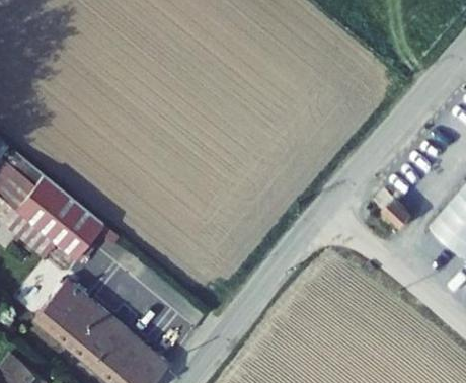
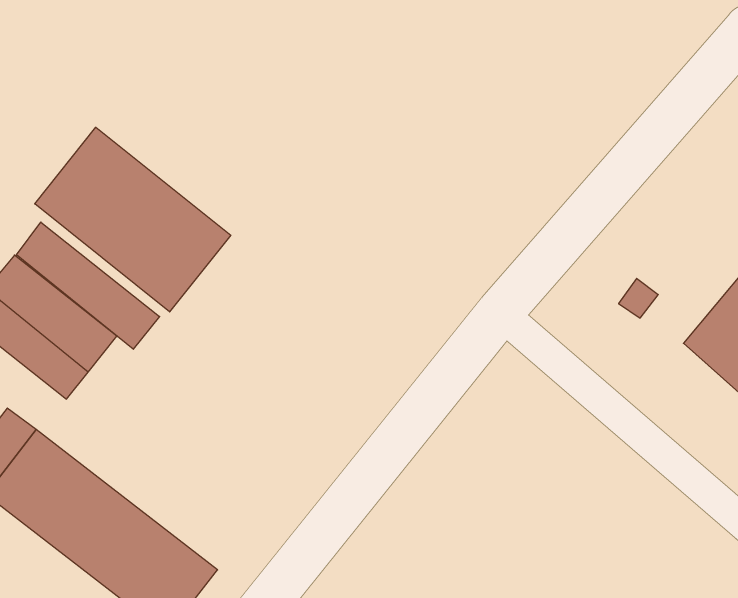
building: none -> [35,127,231,312]
building: none -> [16,222,160,349]

